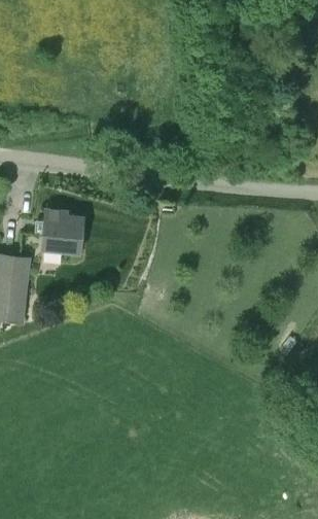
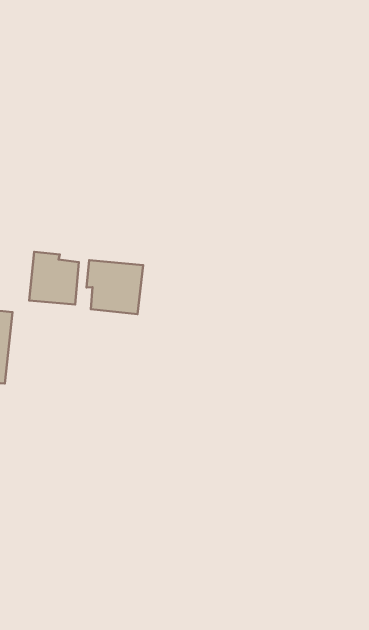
building: none -> [86,260,143,314]

